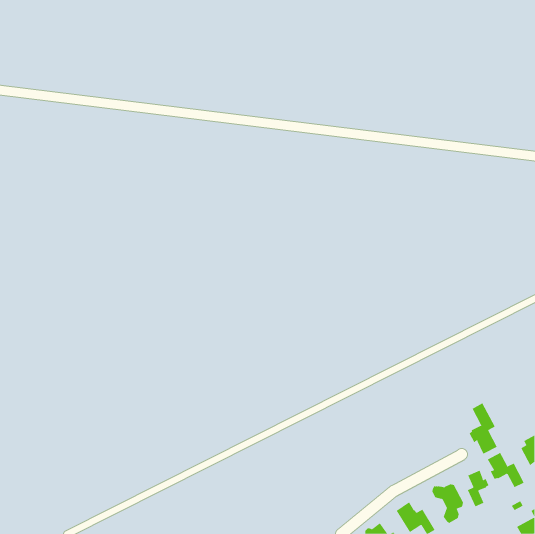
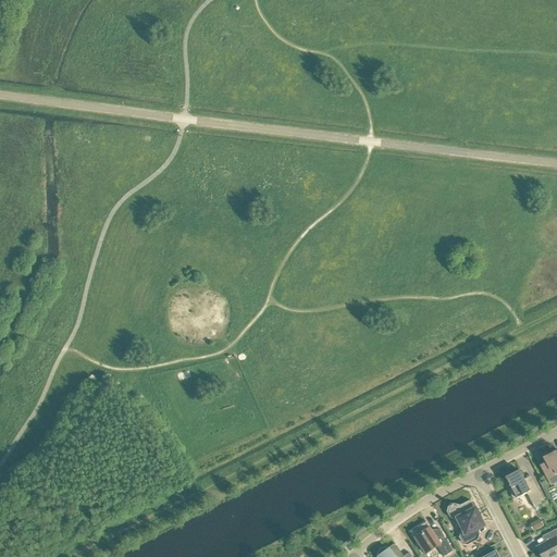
building: [469,402,498,455] -> none
building: [467,470,489,507] -> none

